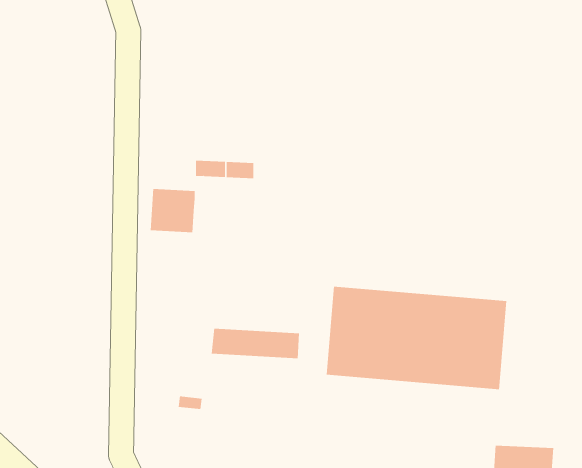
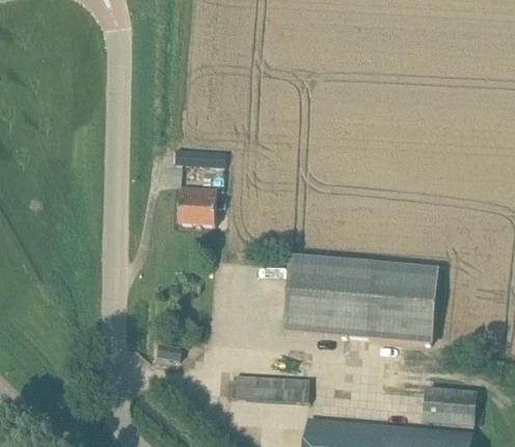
building: [150,189,196,233] -> [178,188,216,226]
building: [211,328,300,359] -> [233,376,307,402]

